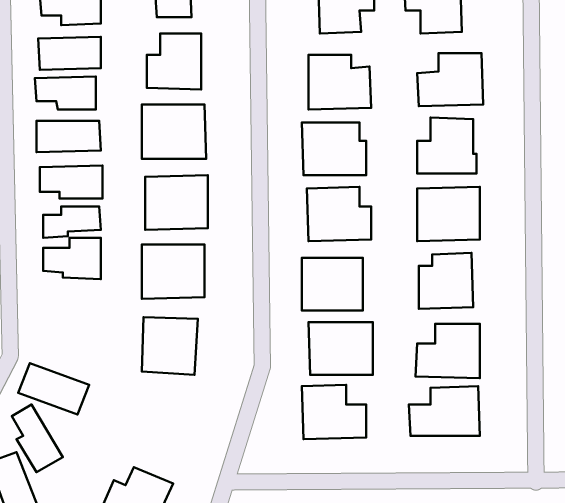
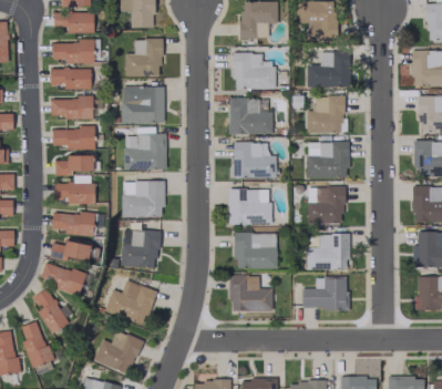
building: none -> [52,212,95,234]
building: none -> [50,240,92,260]
building: none -> [105,280,156,326]

